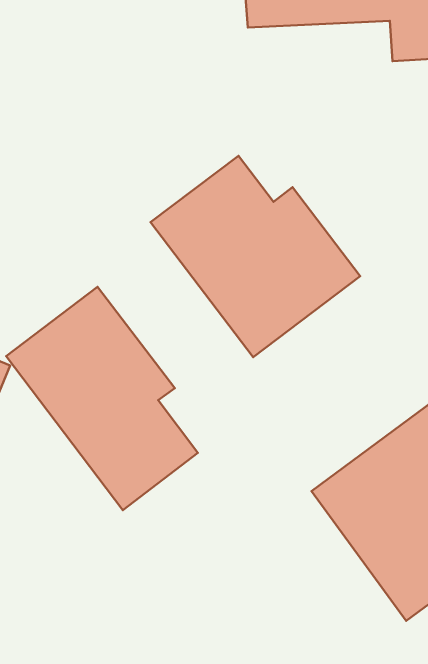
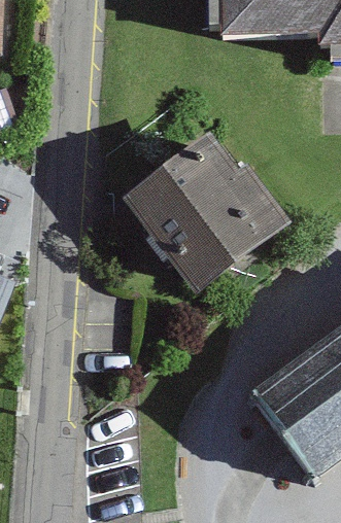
building: [6,287,198,510] -> none

